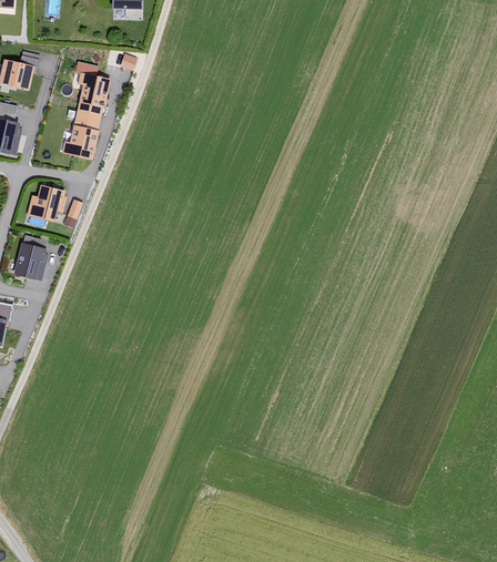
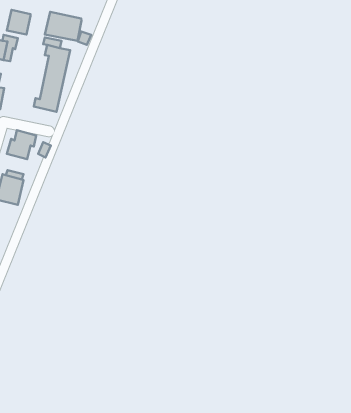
building: none -> [7,10,31,34]
building: none -> [45,12,81,41]

